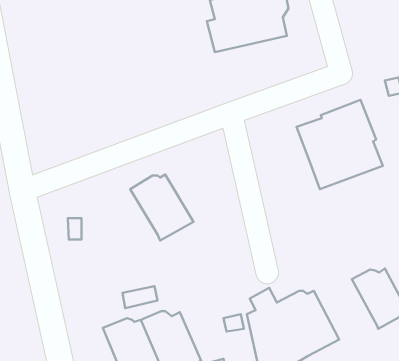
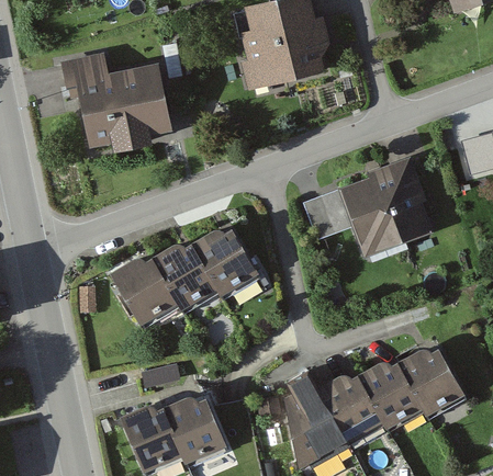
building: none -> [61,59,171,162]
building: none -> [302,185,354,240]
building: none -> [190,225,262,299]
building: none -> [111,254,181,328]
building: none -> [358,358,429,431]

